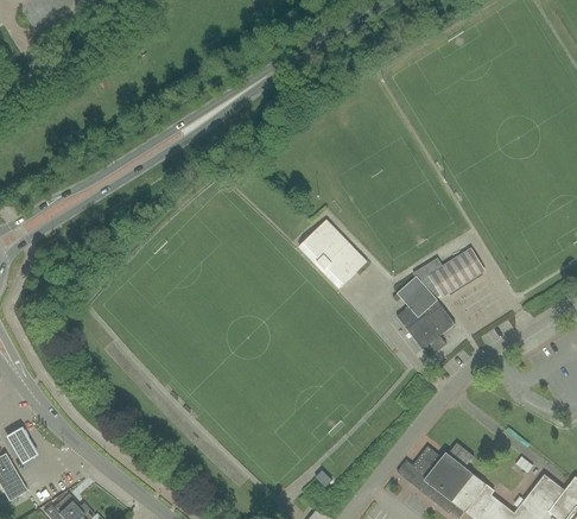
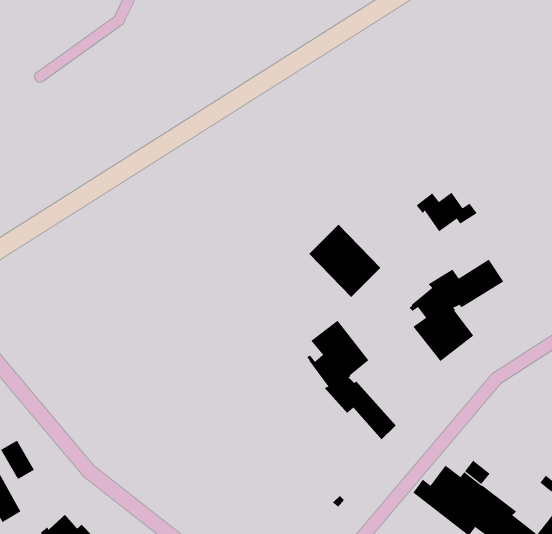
building: none -> [416,192,477,232]
building: none -> [307,320,396,440]

